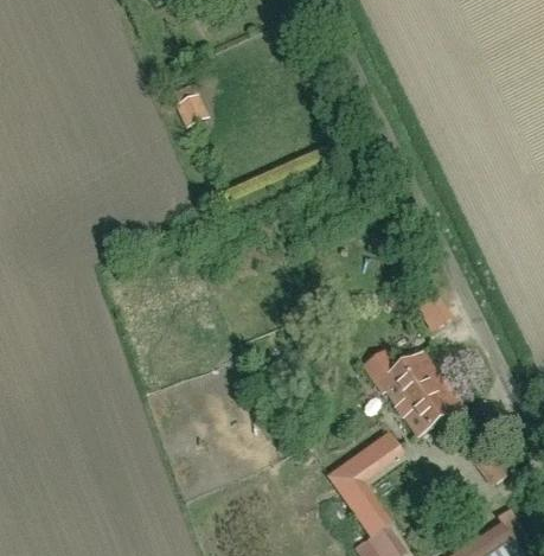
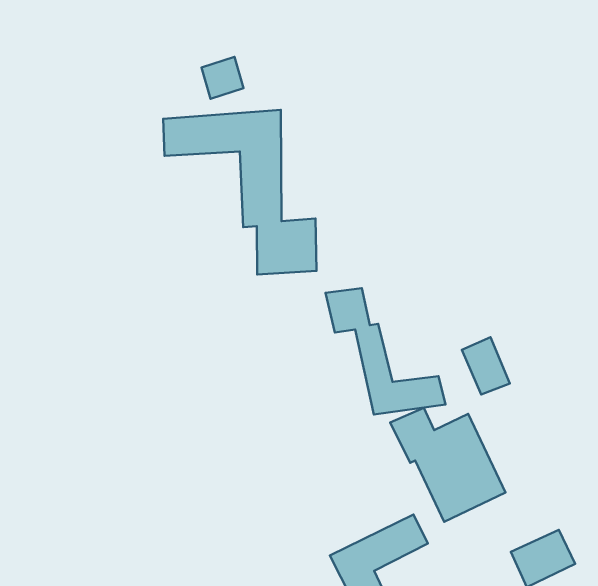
building: none -> [163,110,317,274]
building: none -> [326,288,445,415]

